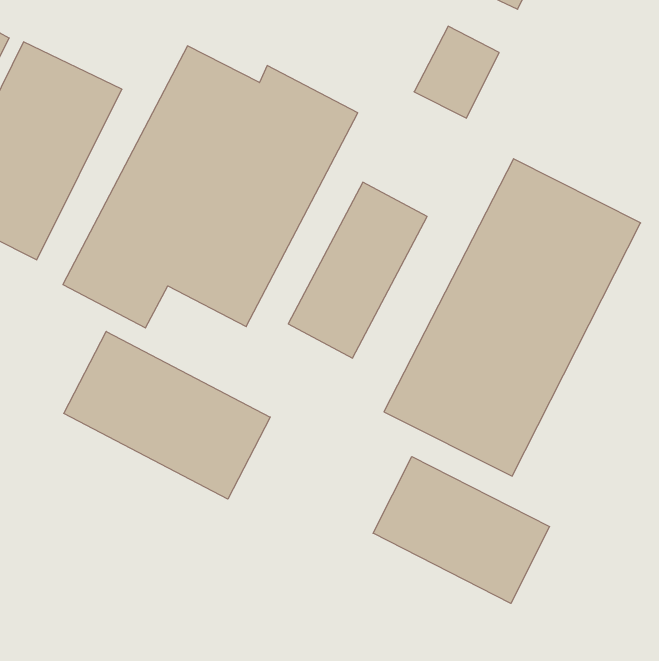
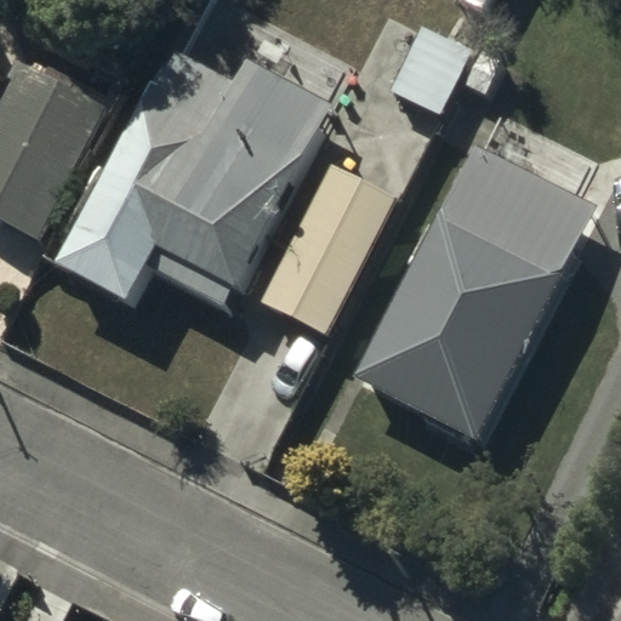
building: [64,331,270,499] -> none
building: [373,457,550,603] -> none

